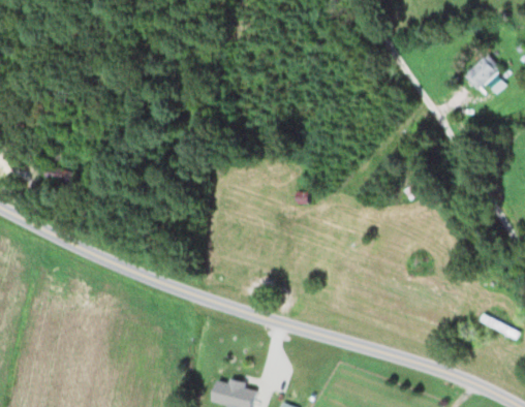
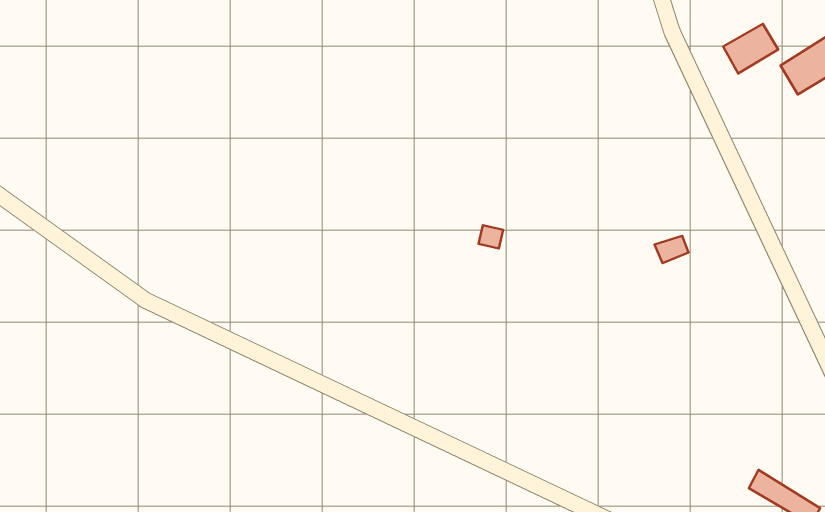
building: none -> [723,24,778,74]

